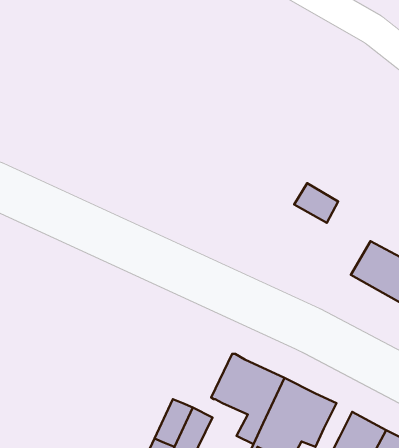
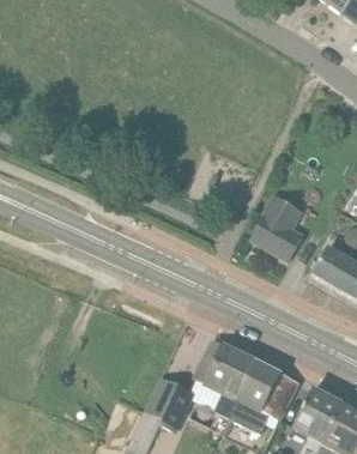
building: none -> [249,212,302,259]

